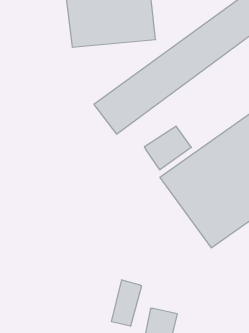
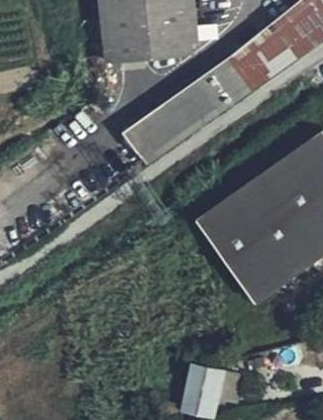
building: [145,126,191,170] -> none
building: [112,280,141,326] -> none

